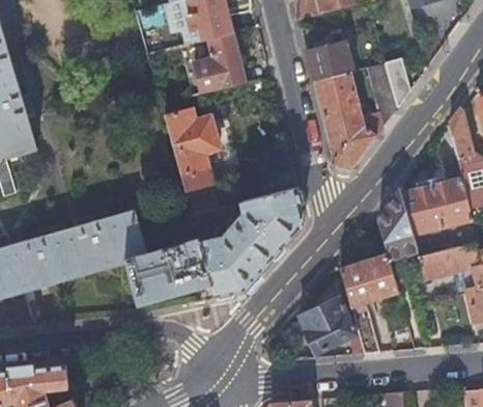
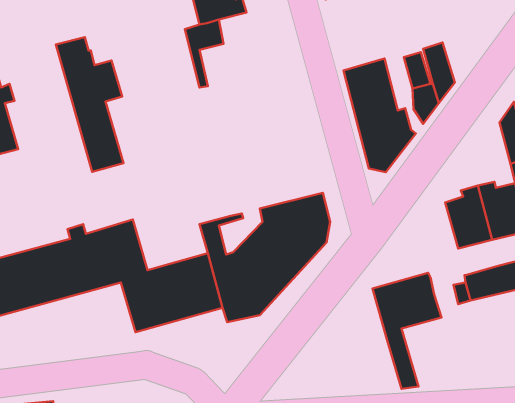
building: [192,31,244,94] -> none
building: [308,40,352,81] -> none
building: [161,98,219,213] -> [56,37,124,172]
building: [378,190,418,259] -> none
building: [300,296,358,353] -> none

